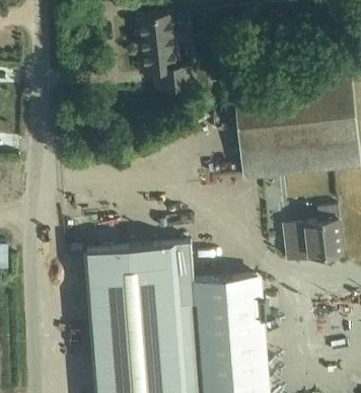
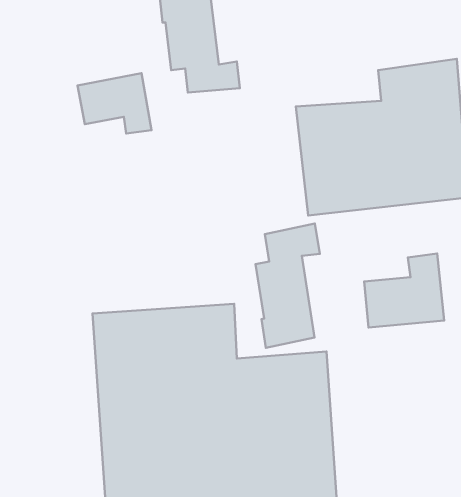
building: none -> [77,73,152,134]
building: none -> [256,223,320,348]

